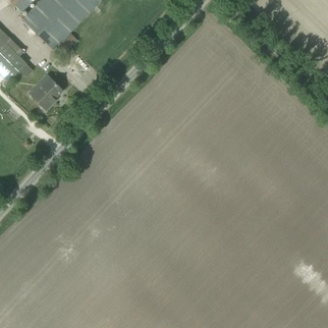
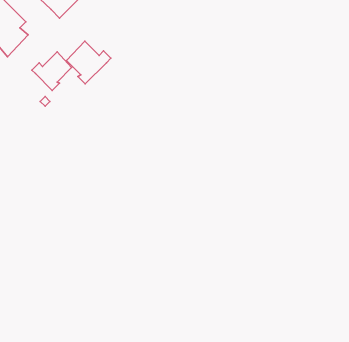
building: none -> [66,41,111,84]

